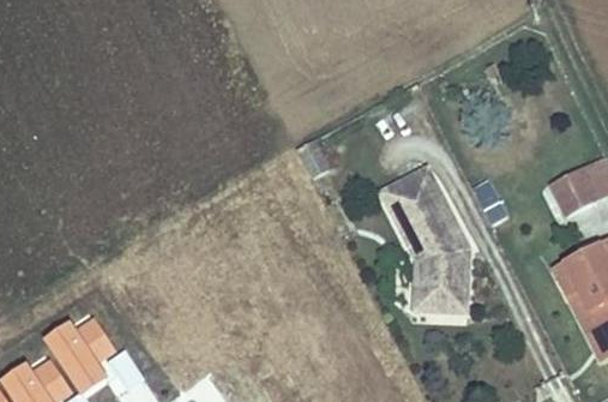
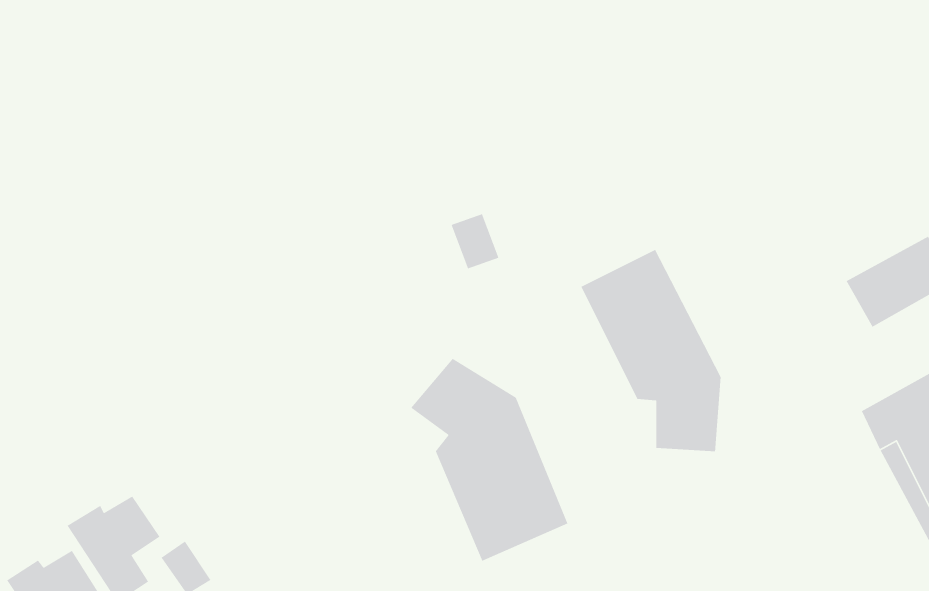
building: none -> [410,358,569,562]
building: [414,262,466,308] -> none

